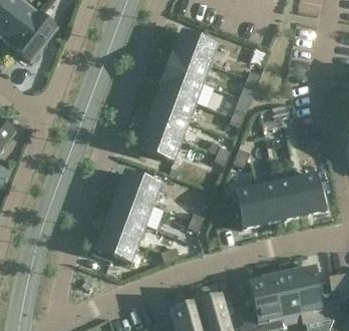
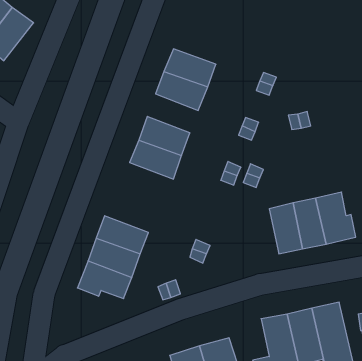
building: [173,31,217,63] -> none
building: [151,88,195,121] -> none
building: [115,171,159,206] -> none
building: [233,186,263,229] -> none

